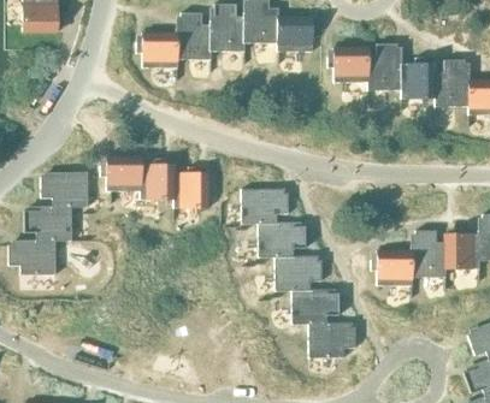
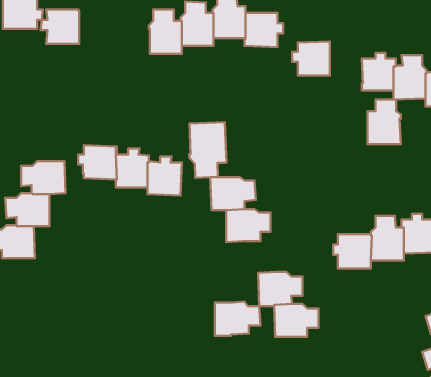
building: [136,30,177,66] -> [41,9,79,44]
building: [367,42,402,89] -> [368,100,401,144]
building: none -> [189,122,226,178]
building: [274,254,323,290] -> [215,301,260,336]

